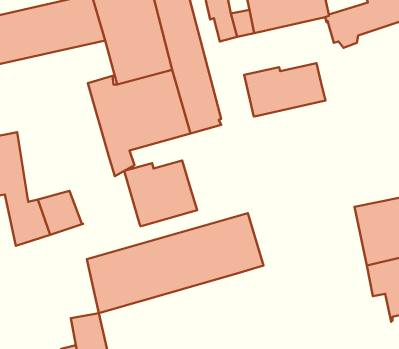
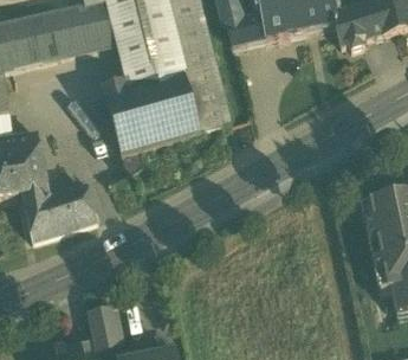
building: [244,63,325,116] -> none
building: [124,160,197,226] -> none
building: [87,213,264,313] -> none

